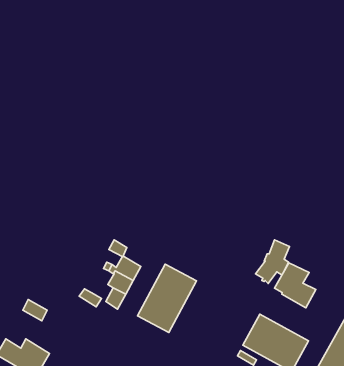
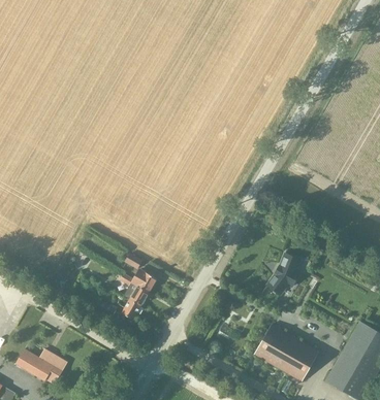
building: [275,263,316,308] -> none
building: [137,264,197,333] -> none

